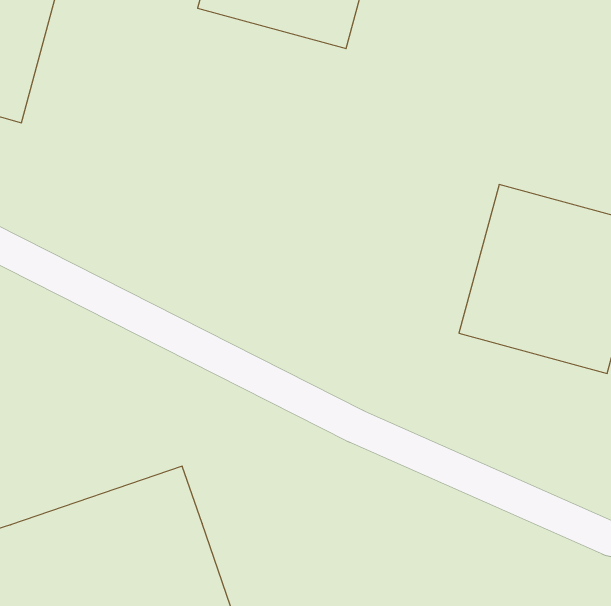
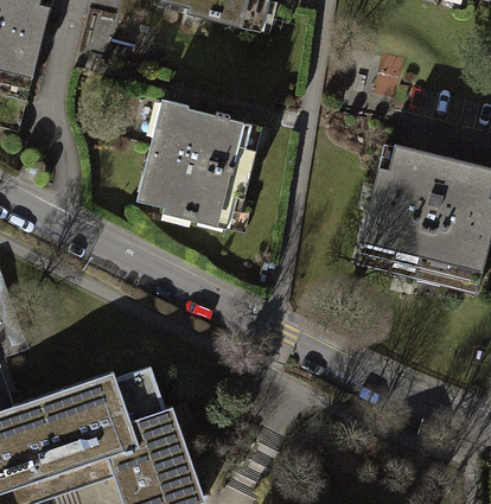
building: none -> [132,94,276,237]

